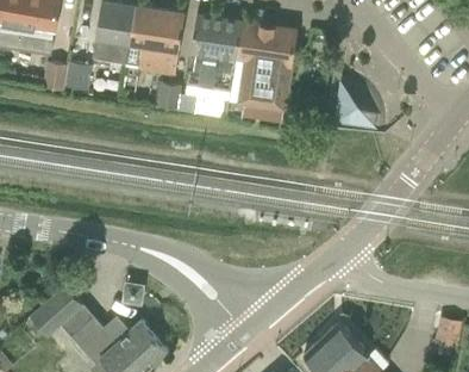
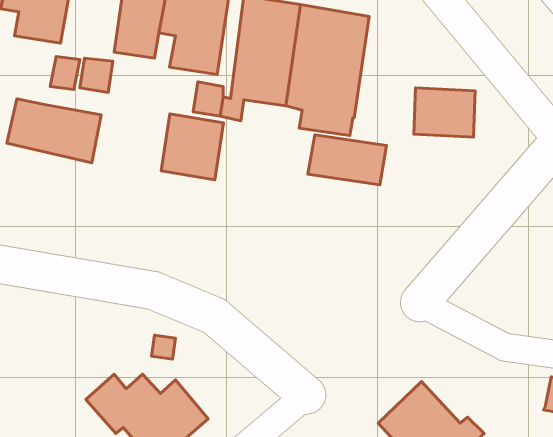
building: none -> [7,99,101,163]
building: none -> [161,114,223,180]
building: none -> [308,135,387,185]
building: [31,286,82,336] -> none

